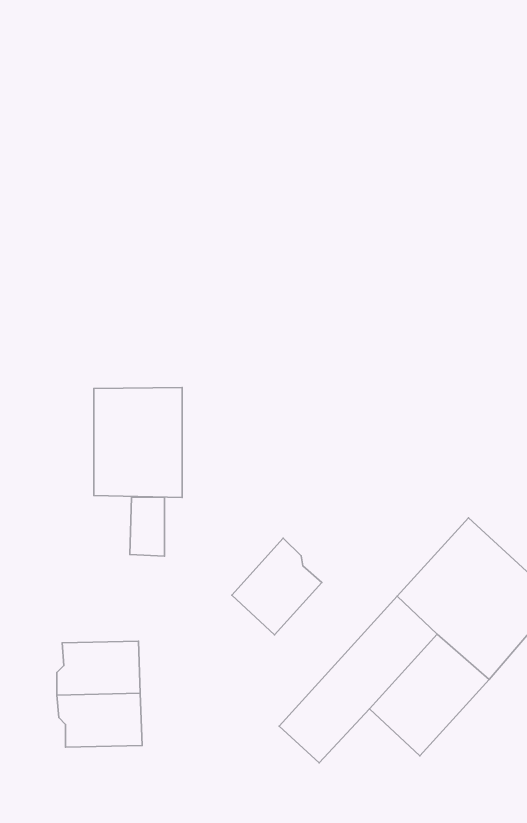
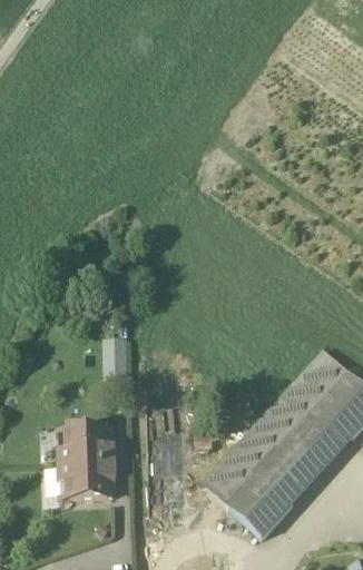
building: [94,388,182,497] -> none
building: [232,538,322,635] -> none
building: none -> [227,471,292,535]

